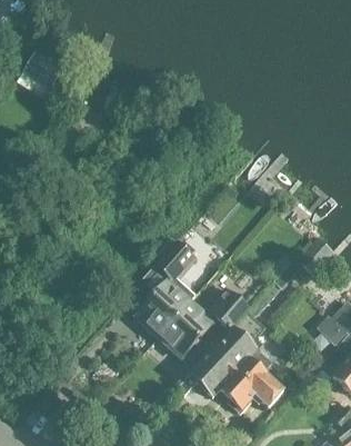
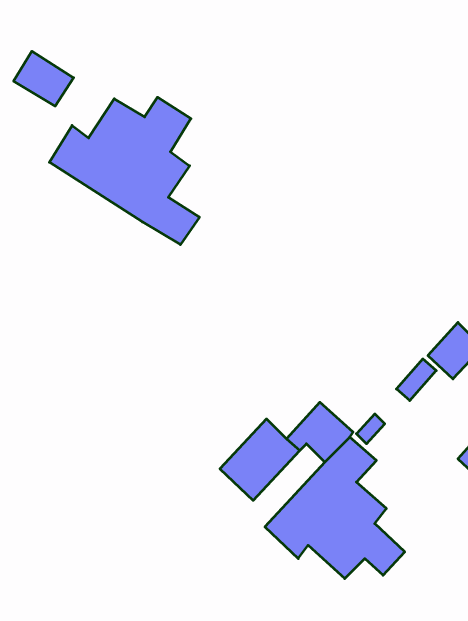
building: none -> [49,97,199,245]
building: [138,240,199,333] -> none

